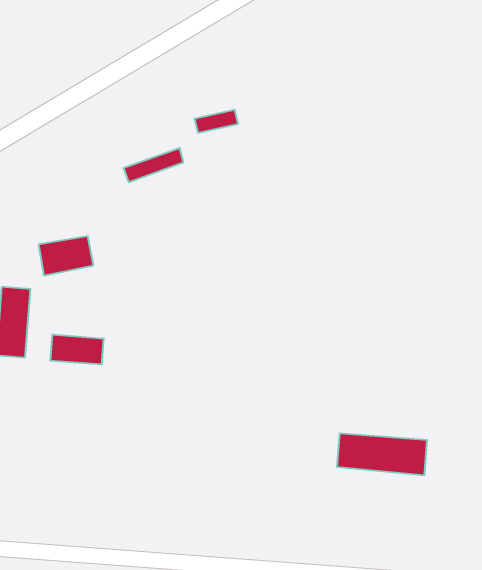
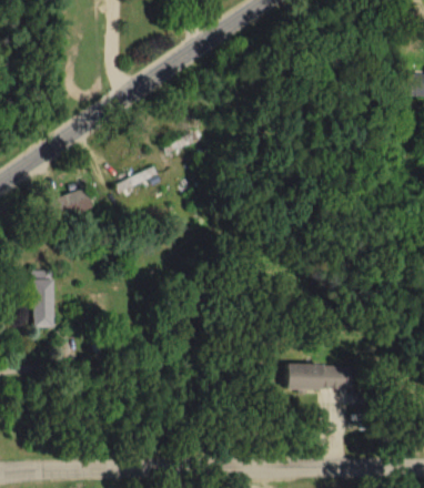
building: [39,236,93,275] -> [52,190,93,221]
building: [50,334,104,365] -> none

